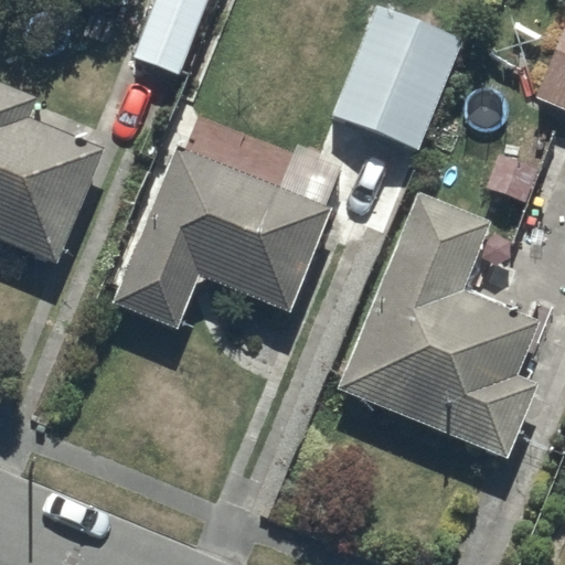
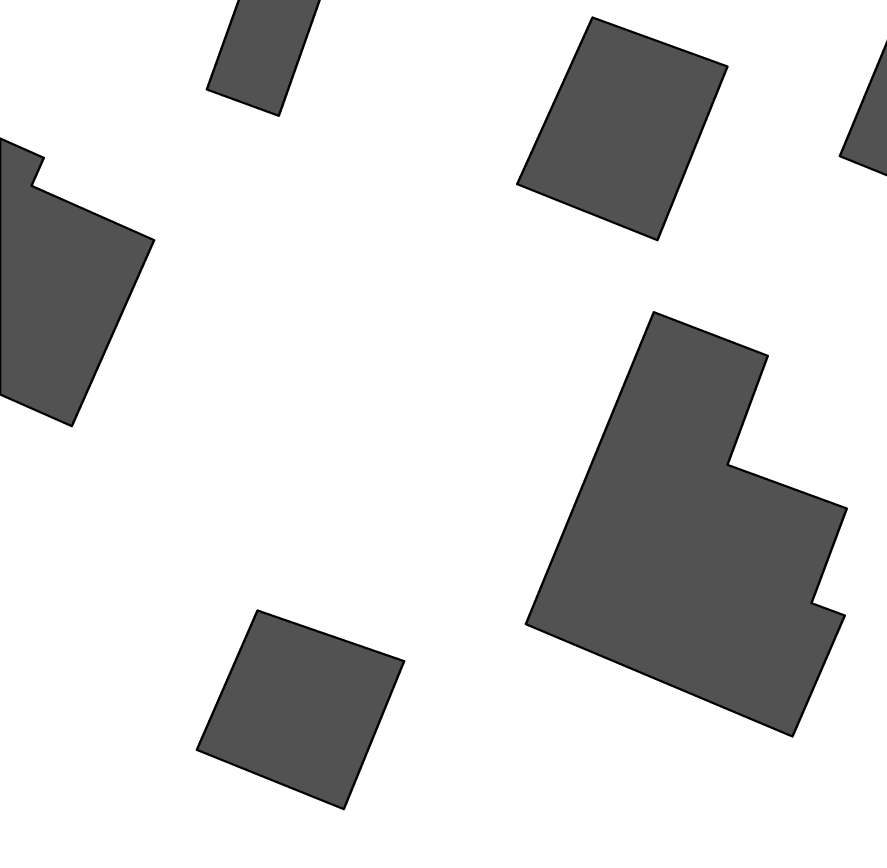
building: [115,151,329,330] -> none
building: none -> [197,611,404,809]

